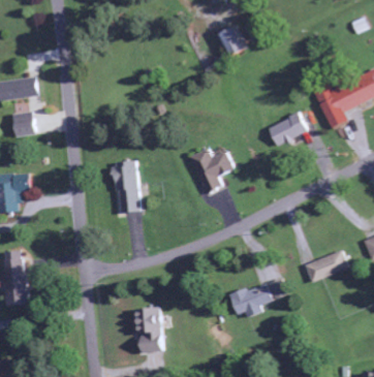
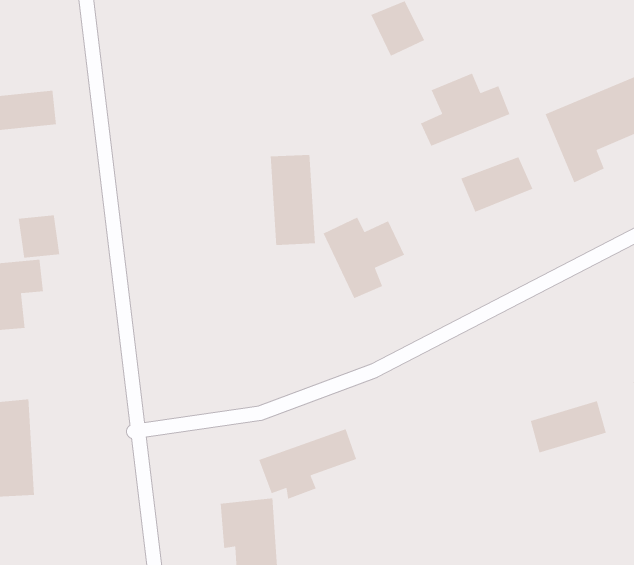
building: none -> [420,73,511,147]
building: [12,112,36,136] -> [18,215,60,259]
building: [115,161,141,213] -> [270,154,316,246]
building: [230,278,286,318] -> [258,428,357,500]

